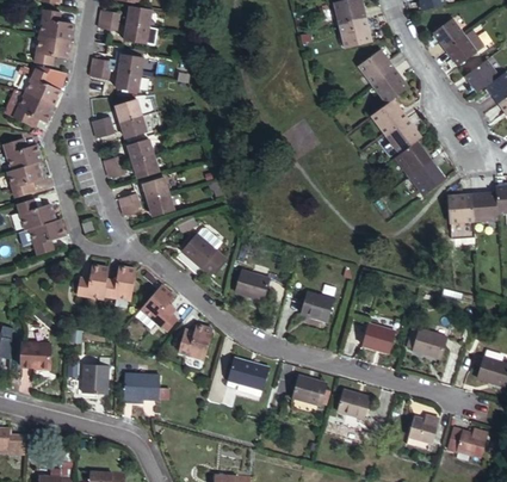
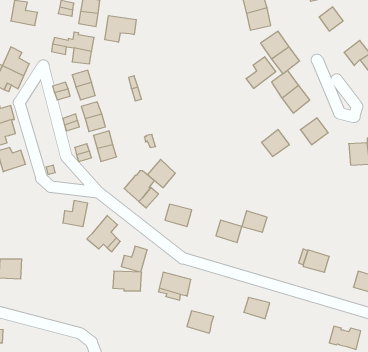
building: none -> [105,16,136,42]
building: [445,30,481,66] -> none
building: [32,36,67,64] -> none
building: none -> [246,57,276,89]
building: [394,141,429,175] -> [262,130,289,157]
building: [447,193,472,222] -> none
building: none -> [148,159,175,188]
building: [29,218,63,253] -> none
building: [76,265,107,298] -> none
building: [361,325,394,352] -> [242,211,267,232]
building: [80,363,107,394] -> none
building: [122,375,159,400] -> [113,271,142,291]
building: [291,376,326,404] -> [187,311,214,333]
building: [407,415,438,443] -> none

